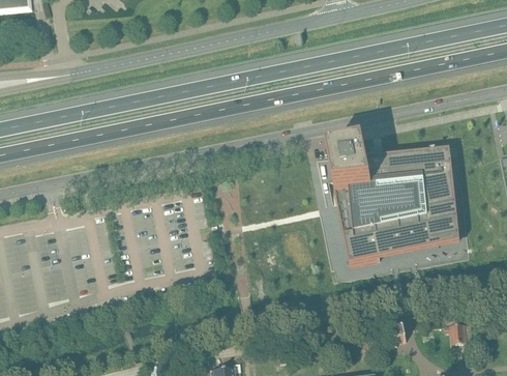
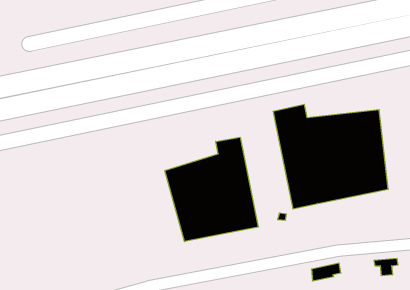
building: none -> [165,137,258,242]

